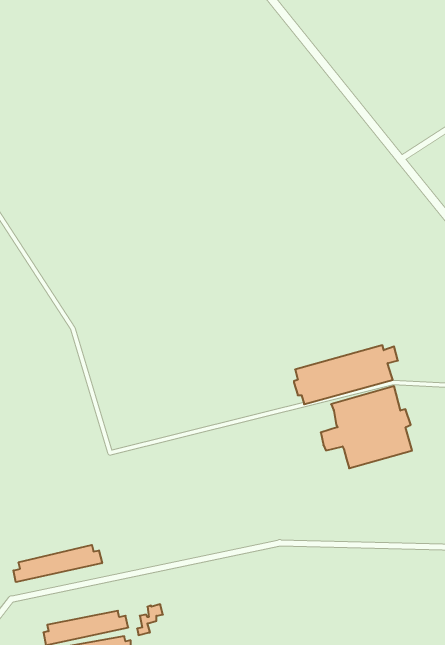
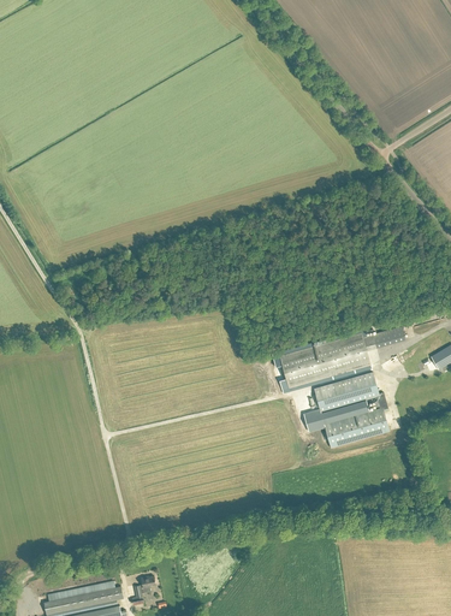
building: [13,545,102,582] -> none

